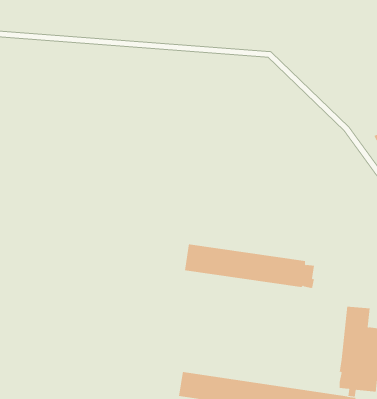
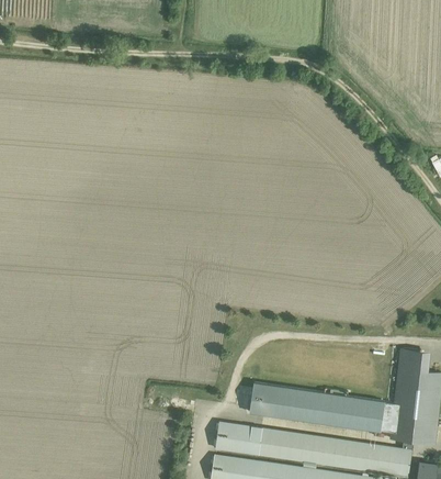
building: [184,244,315,288] -> [249,383,394,433]

